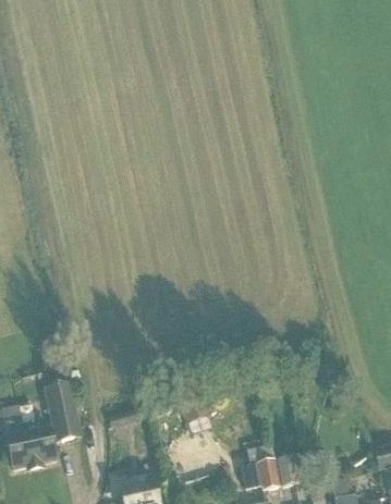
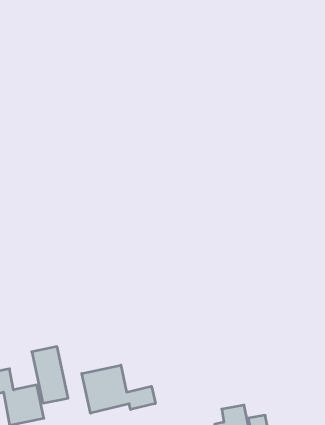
building: none -> [82,365,155,413]

